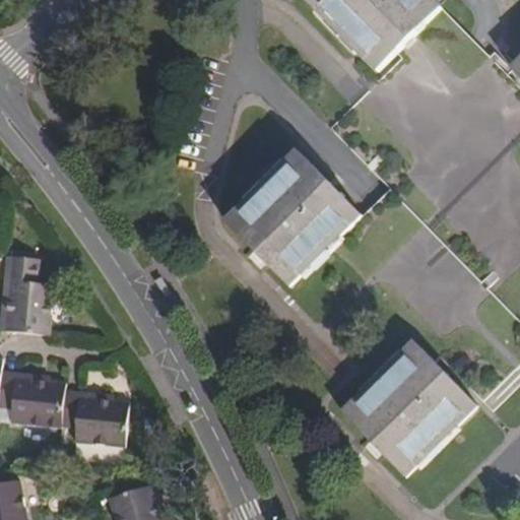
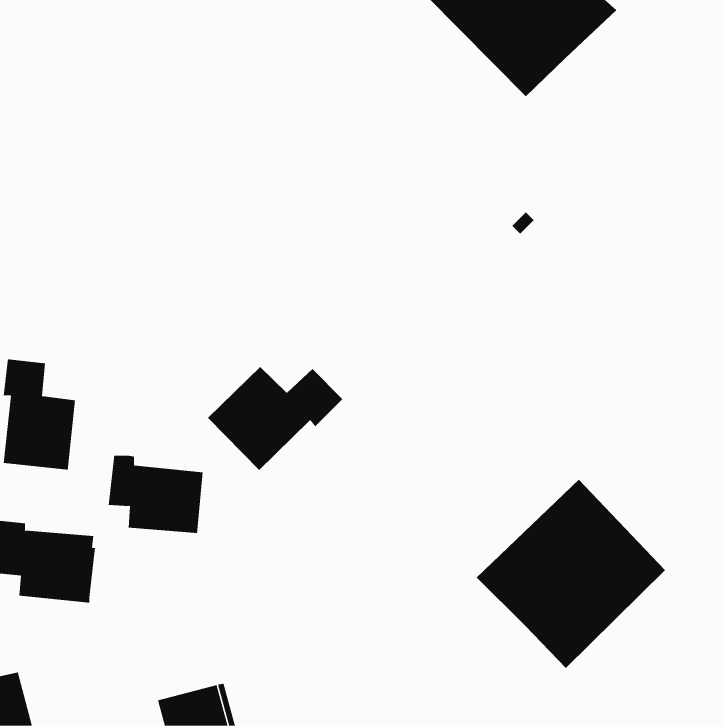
building: [228,153,358,283] -> none
building: none -> [207,366,343,471]
building: [64,389,132,445] -> [108,455,203,534]

